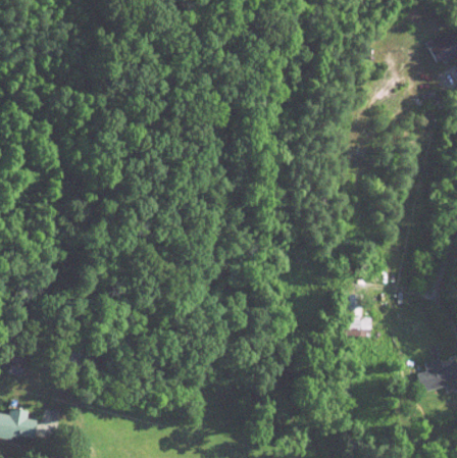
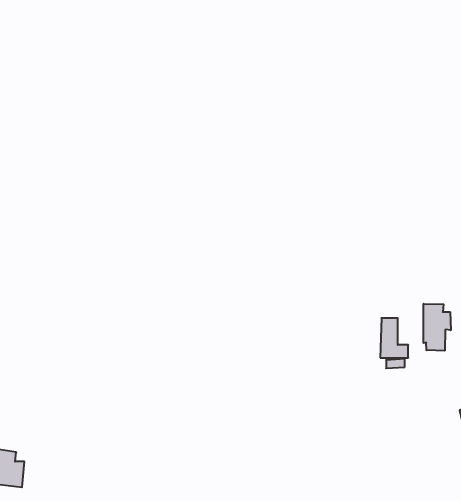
building: none -> [424,304,451,351]

